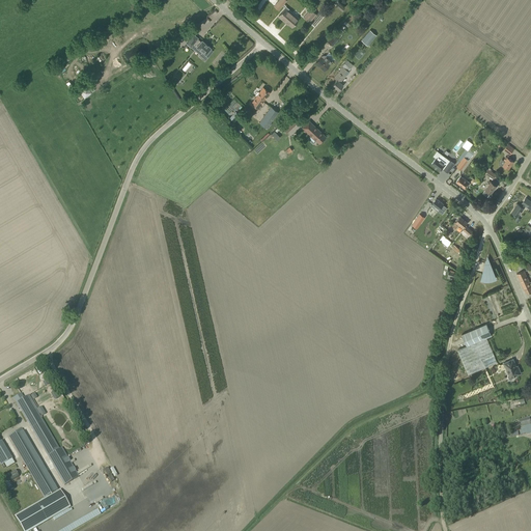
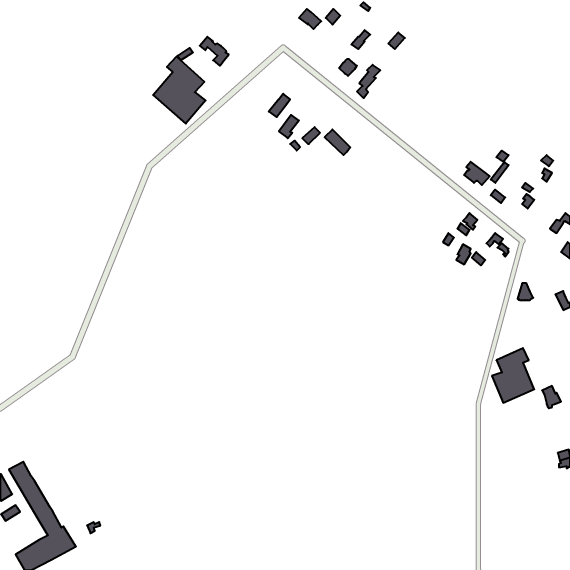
building: none -> [153,57,206,124]
building: [13,394,79,485] -> none

